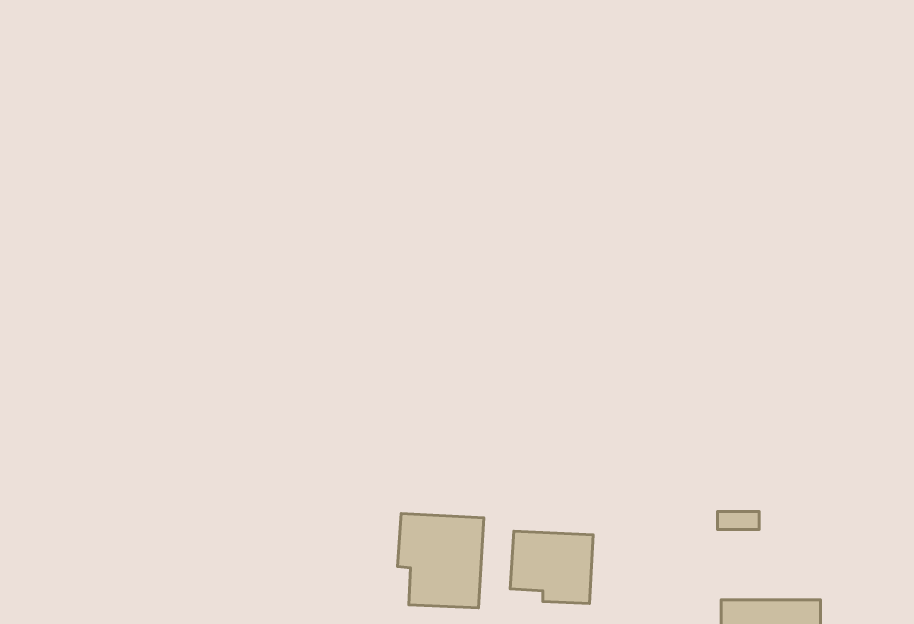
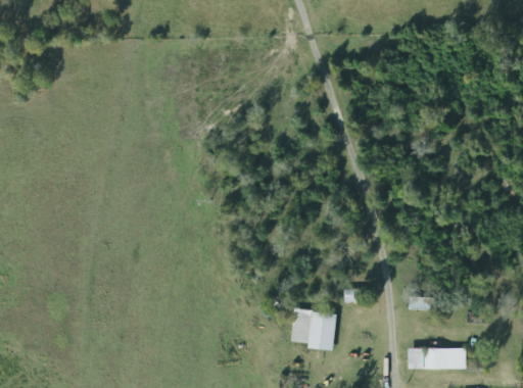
building: [397,513,484,608] -> none

